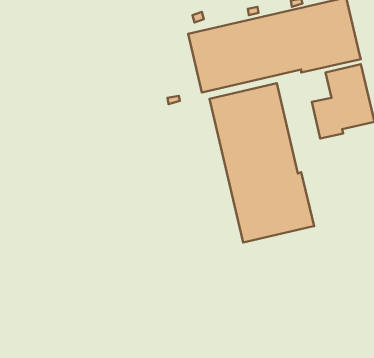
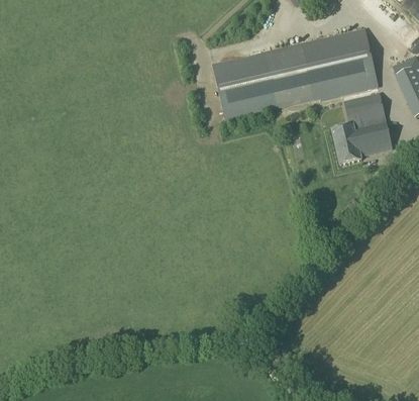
building: [210,83,314,242] -> none

